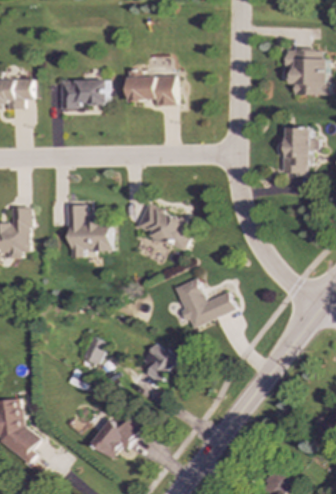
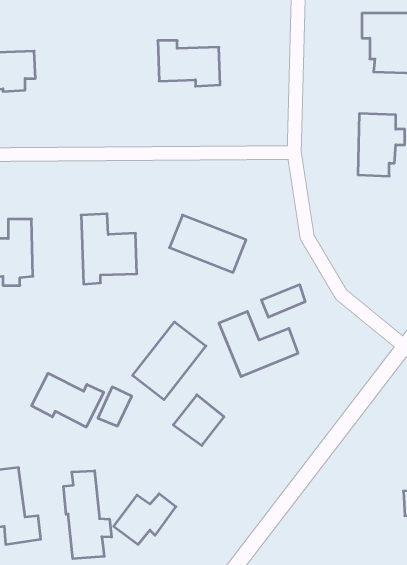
building: [60,79,107,108] -> none
building: none -> [261,285,305,317]
building: none -> [133,322,206,400]
building: none -> [32,373,104,427]
building: none -> [64,471,112,559]

